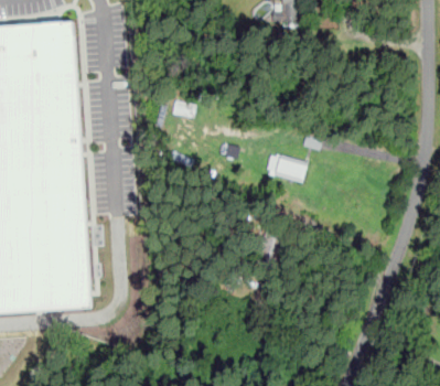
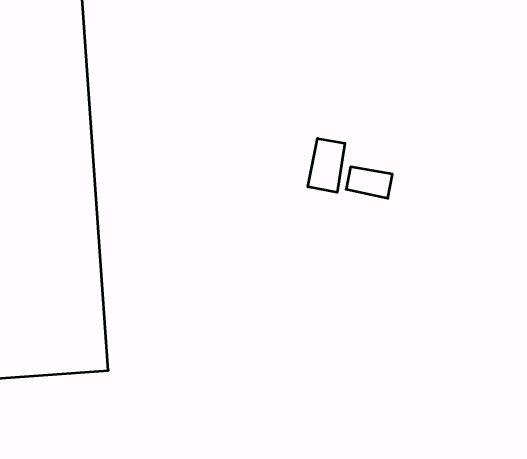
building: none -> [308,138,345,192]

